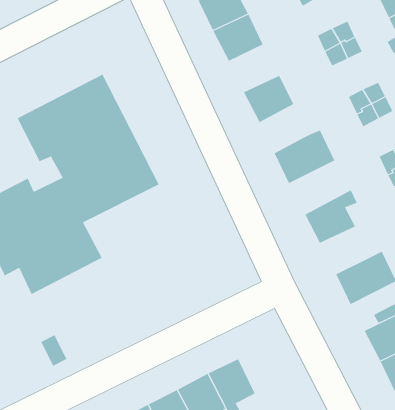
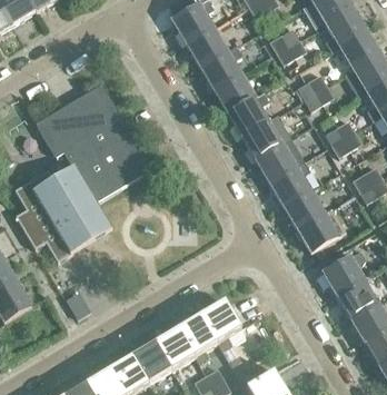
building: none -> [200,45,241,89]
building: none -> [228,91,268,136]
building: none -> [255,138,296,182]
building: none -> [282,189,324,228]

